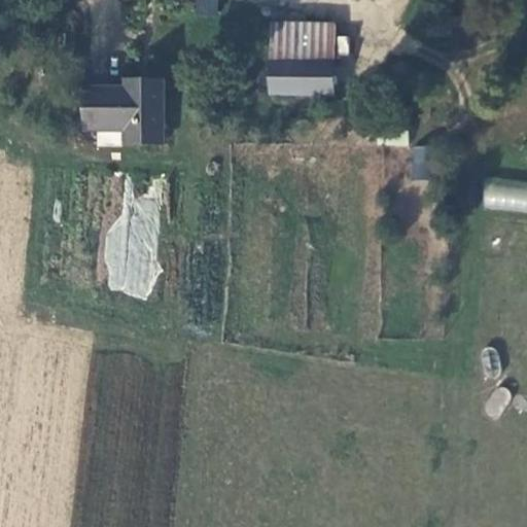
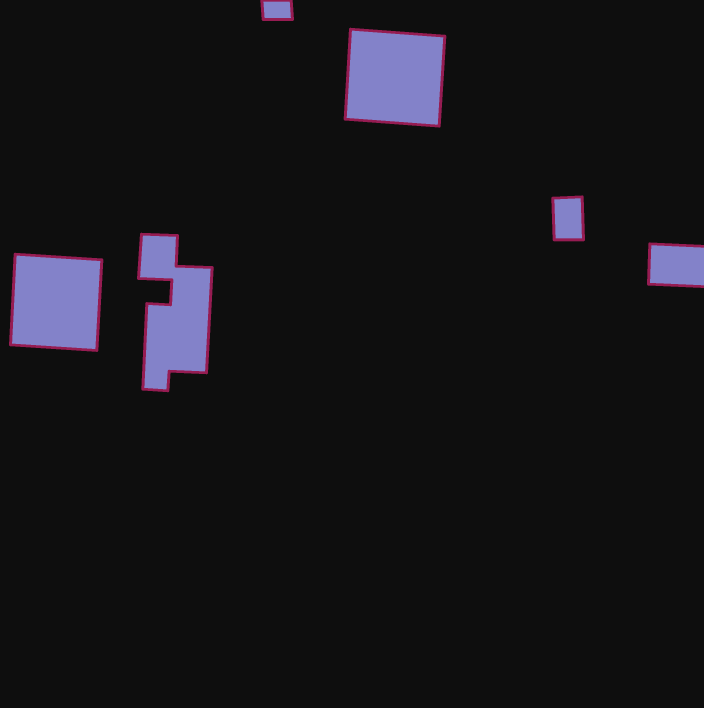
building: [80,77,164,141] -> none
building: none -> [11,254,102,351]

